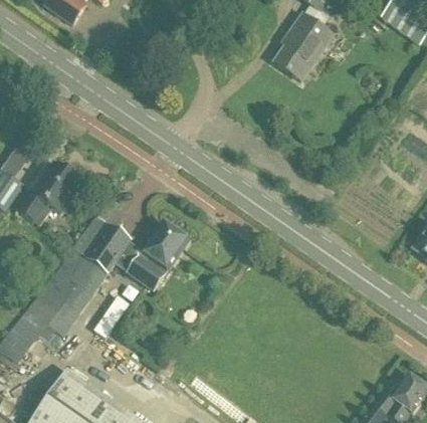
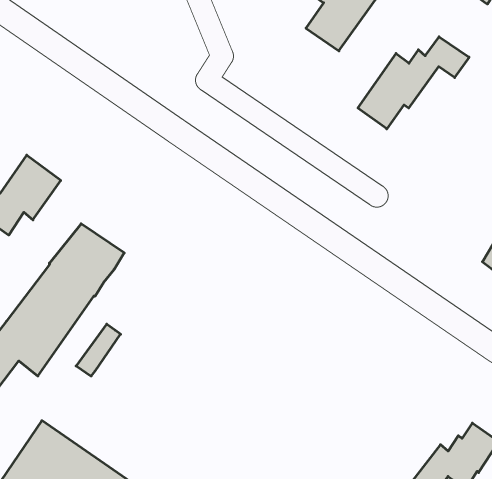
building: none -> [358,37,469,129]
building: [116,222,189,291] -> none

